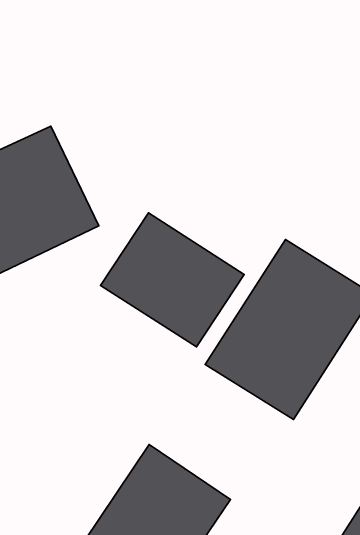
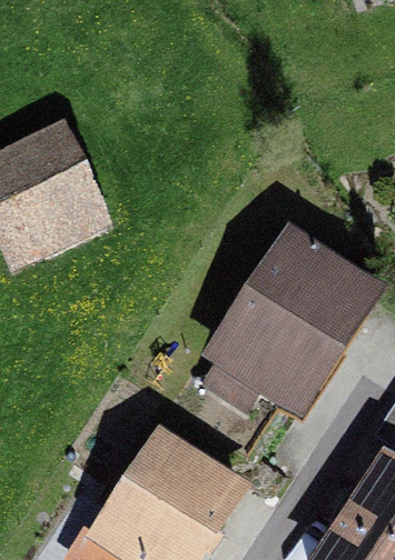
building: [101,213,244,347] -> none

